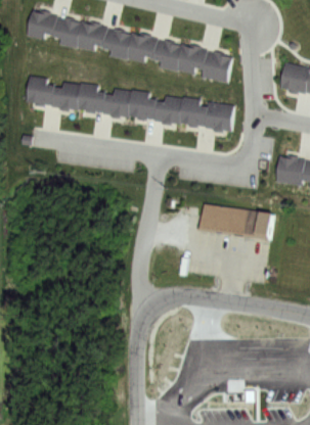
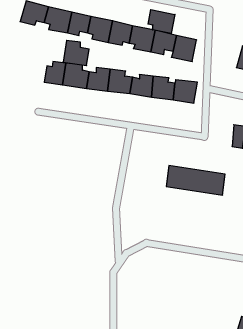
building: none -> [148,10,175,33]
building: [26,76,56,105] -> [63,40,89,66]

